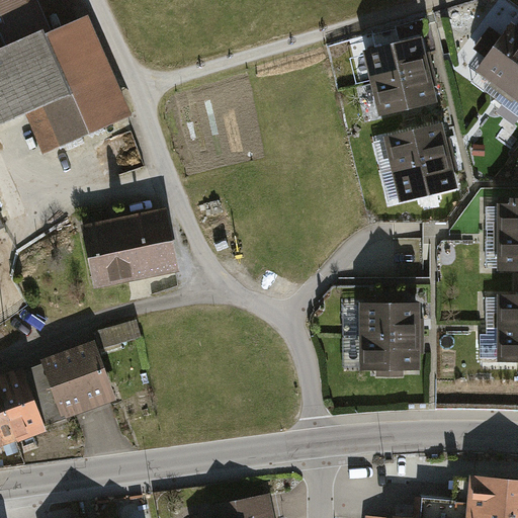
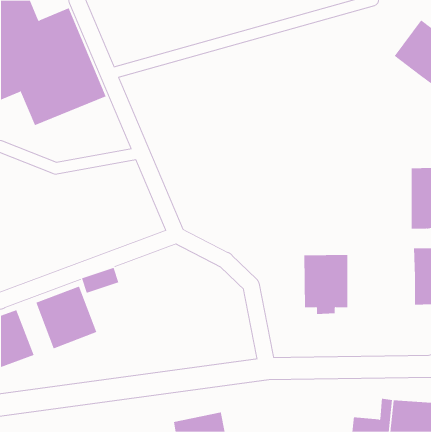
building: [364,35,432,118] -> none
building: [380,119,454,205] -> none
building: [85,214,176,286] -> none

